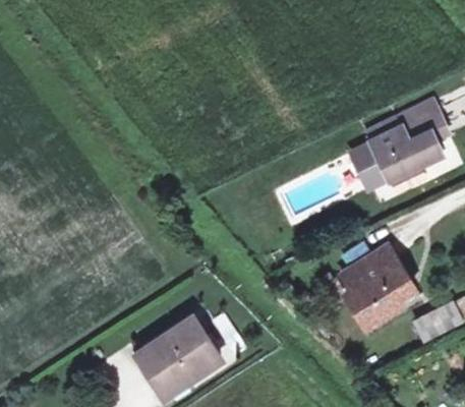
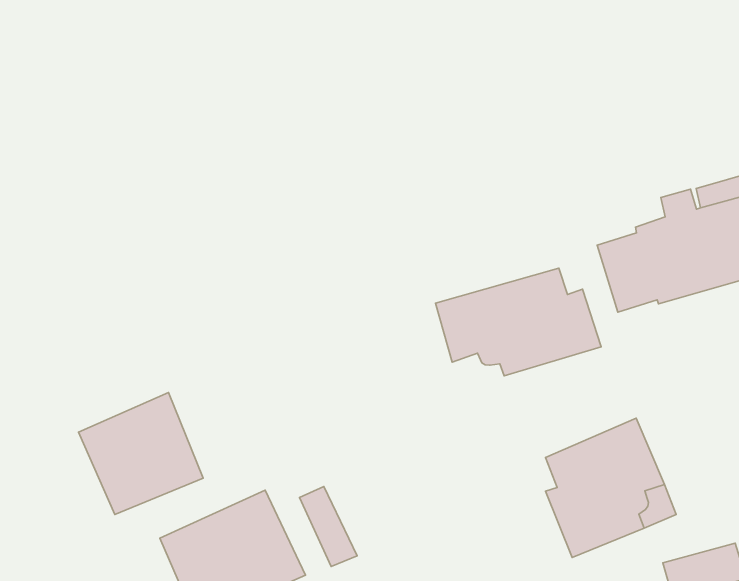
building: none -> [435,268,601,376]
building: none -> [78,393,203,515]

